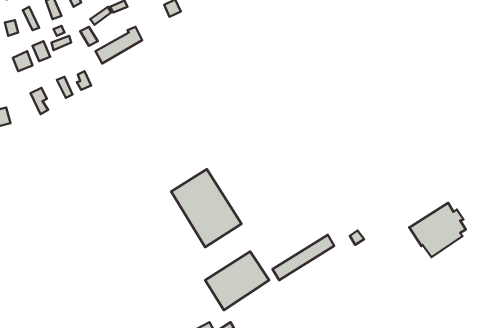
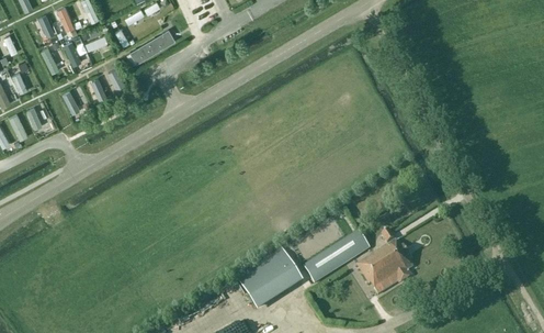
building: [171,169,241,247] -> none
building: [409,203,466,257] -> [358,243,413,297]

